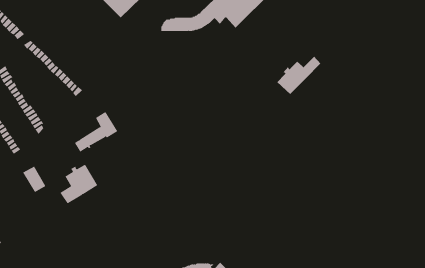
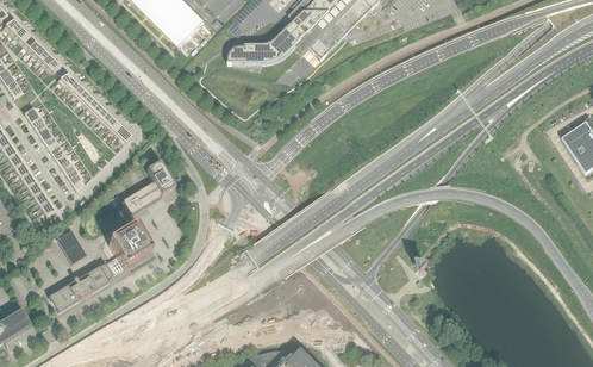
building: [277,56,321,95] -> none
building: none -> [48,262,112,311]

